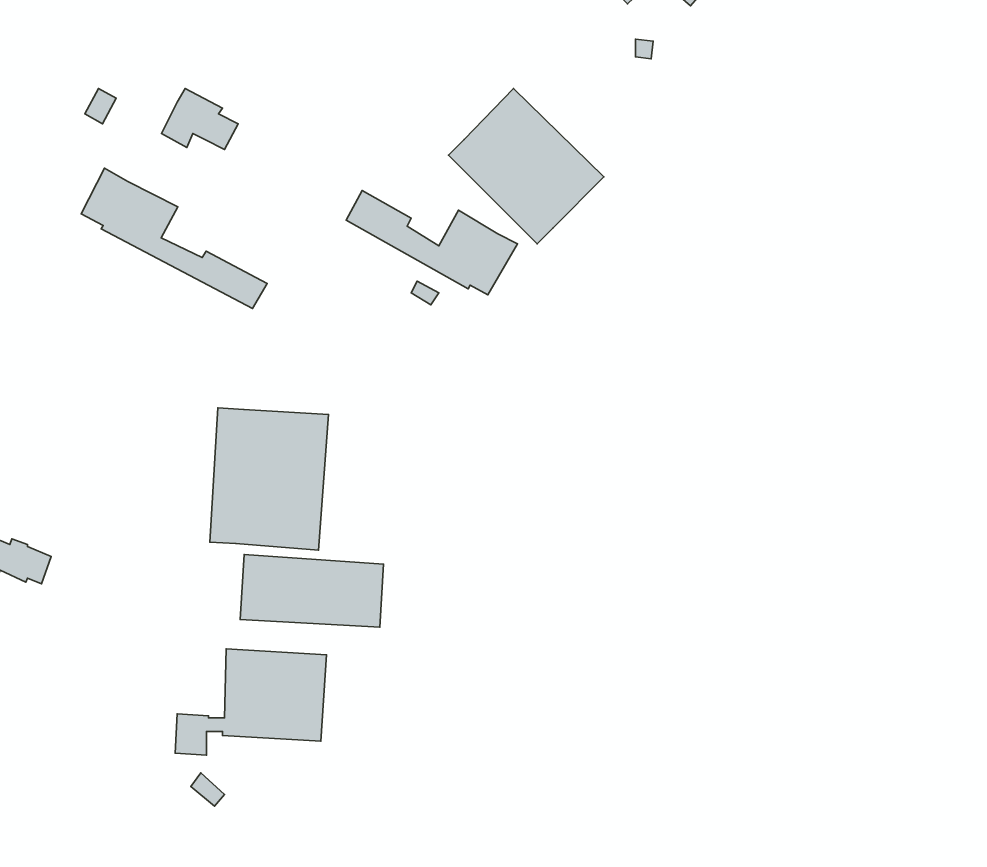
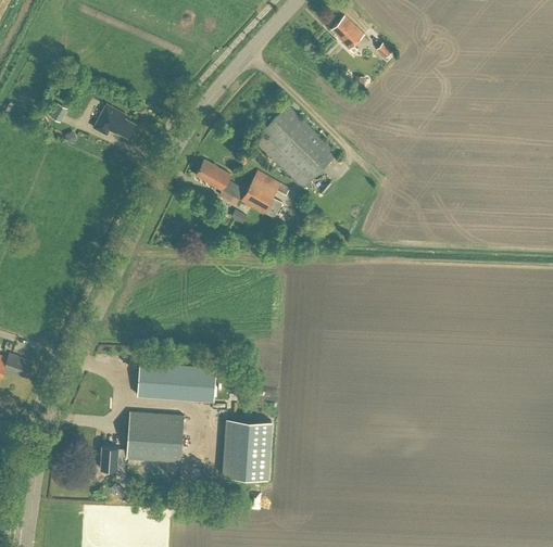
building: [81,168,267,309] -> none
building: [210,408,328,550] -> none
building: none -> [224,419,272,480]

